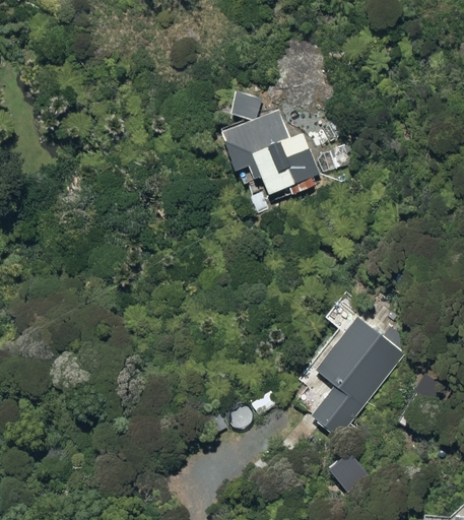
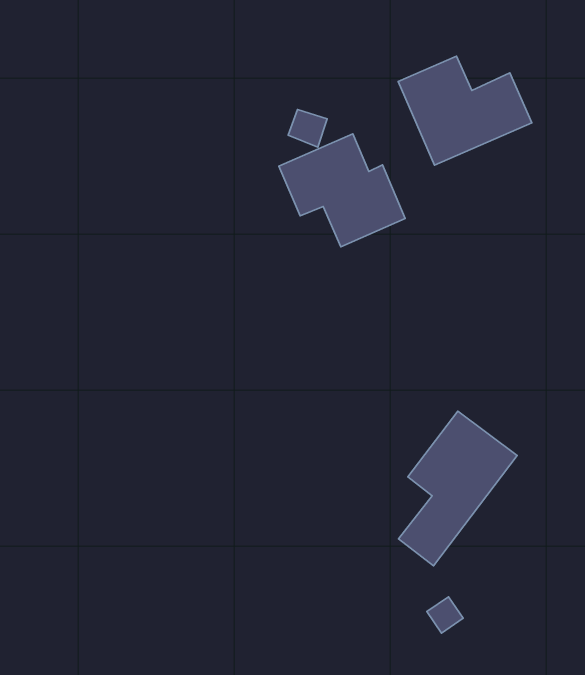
building: none -> [398,56,532,165]

